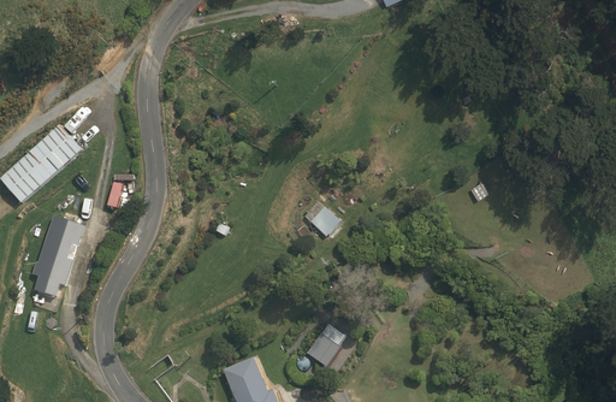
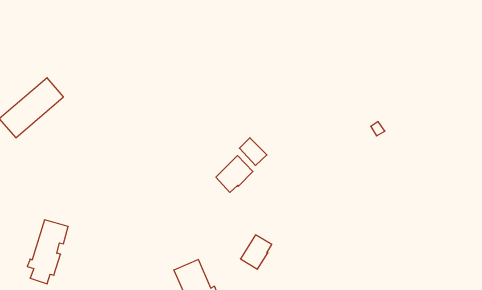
building: [31,215,83,296] -> [27,220,68,284]
building: none -> [216,156,253,192]

